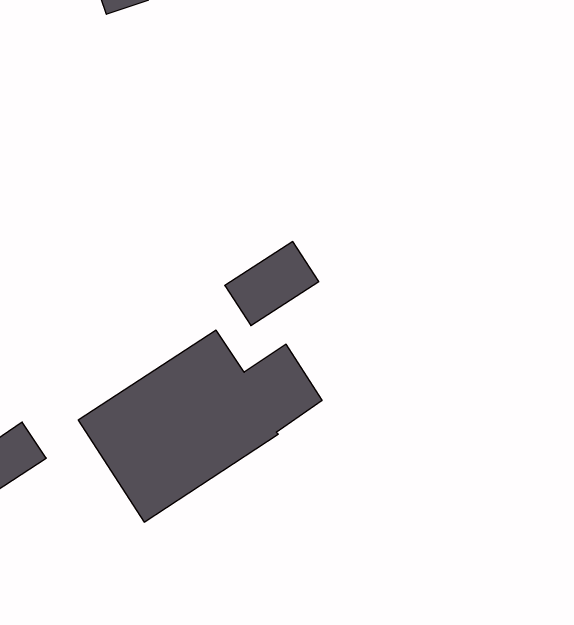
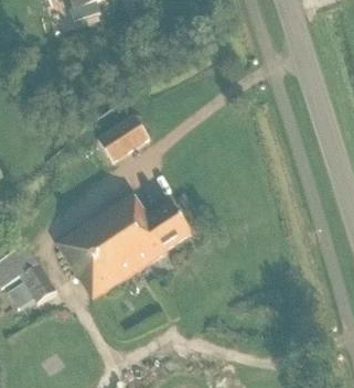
building: [225,242,319,326] -> [97,115,149,161]
building: none -> [21,265,56,302]

